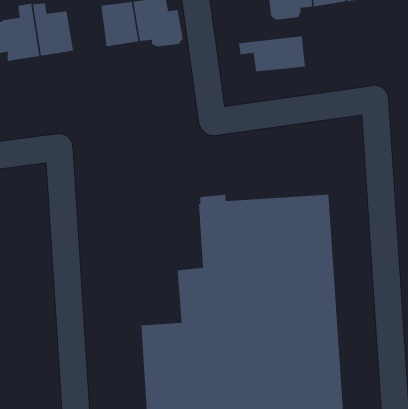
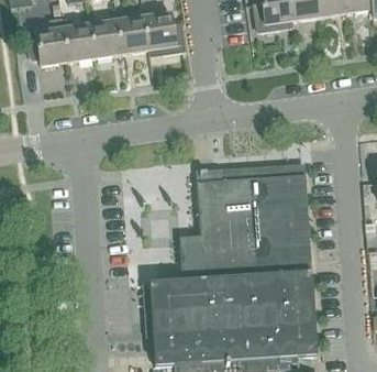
building: none -> [89,20,121,57]
building: [238,36,305,72] -> none

